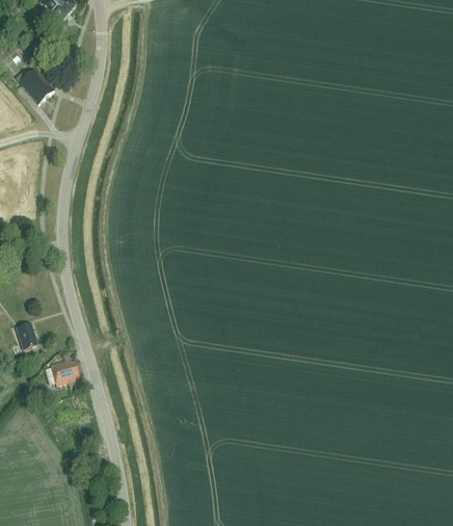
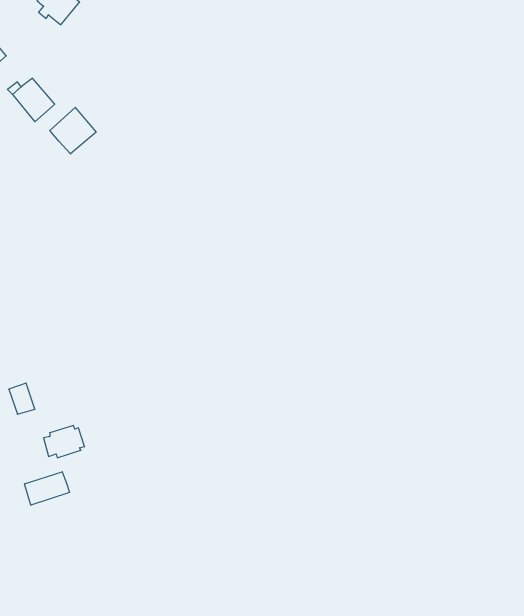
building: none -> [50,107,96,154]
building: none -> [25,472,70,505]

